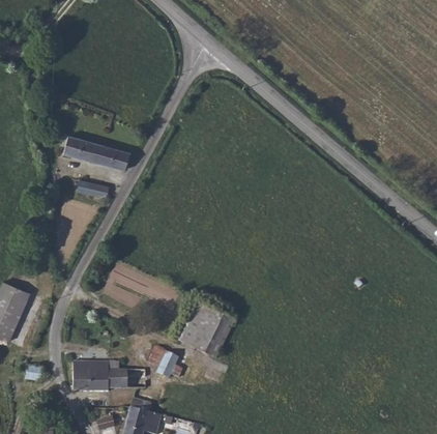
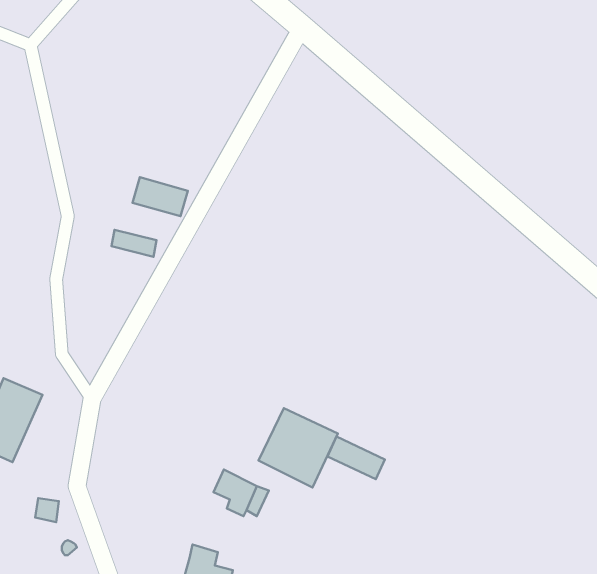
building: [63,136,97,162] -> none
building: none -> [327,437,385,479]
building: [72,360,146,392] -> none

